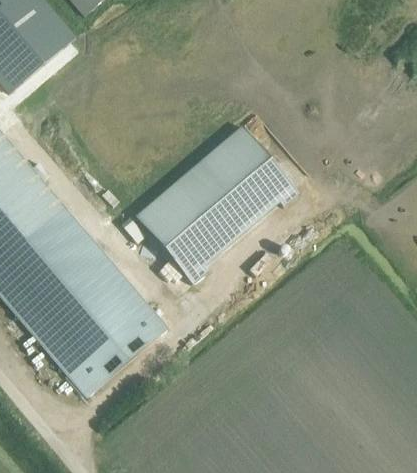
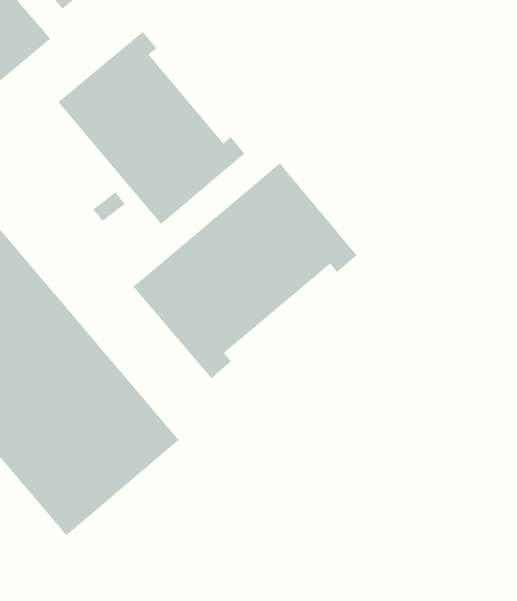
building: none -> [58,31,245,225]

